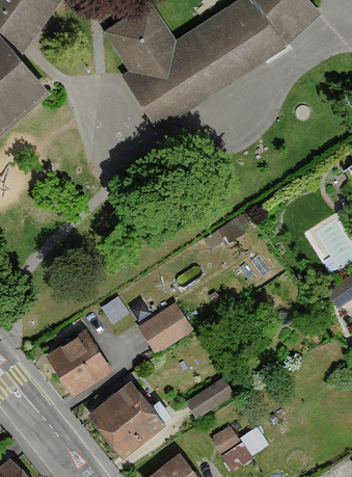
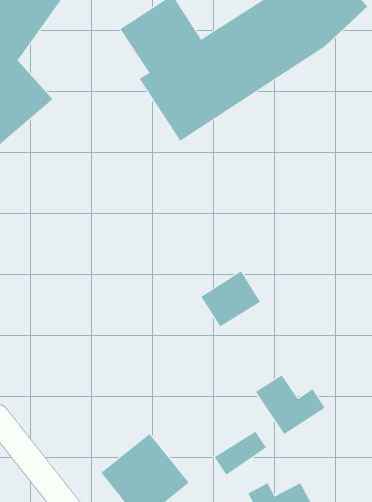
building: [139,303,191,352] -> [201,270,261,327]
building: none -> [255,374,325,435]
building: [47,332,110,395] -> none

